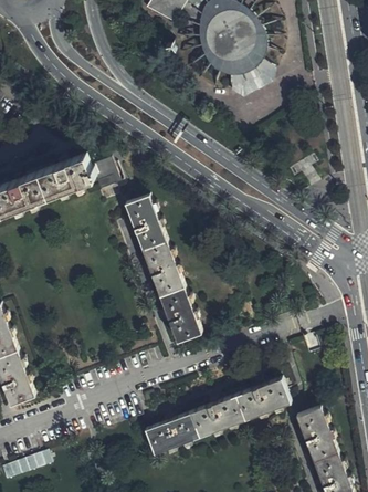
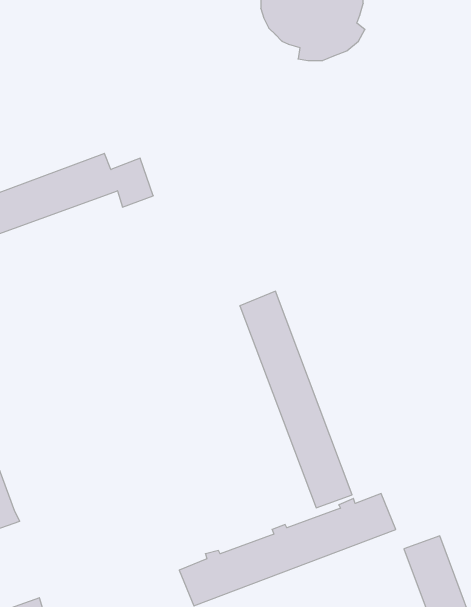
building: [126,196,202,343] -> [240,291,352,508]

